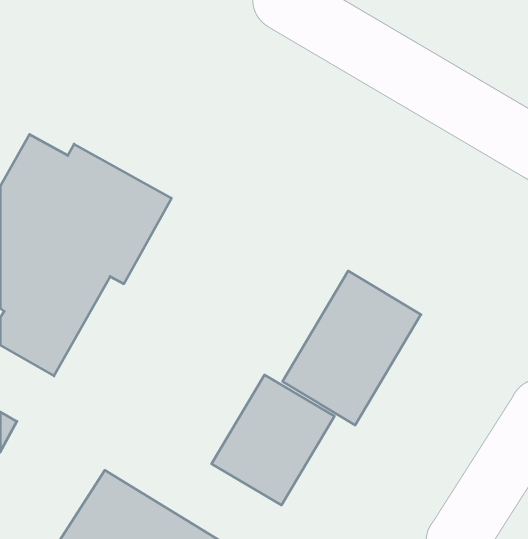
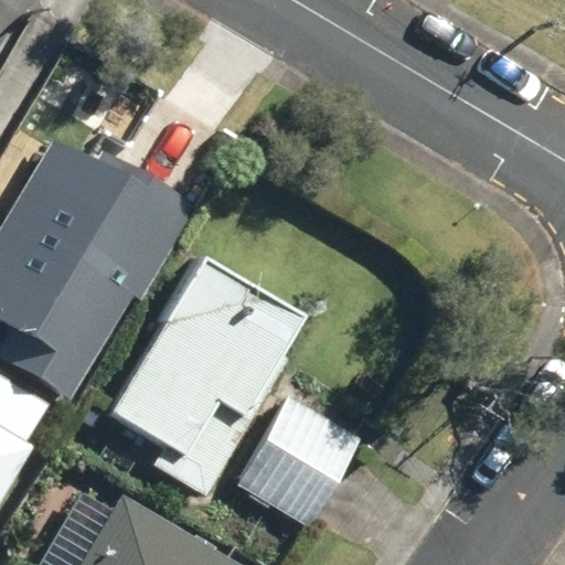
building: none -> [110,259,301,497]
building: [283,271,421,425] -> none

